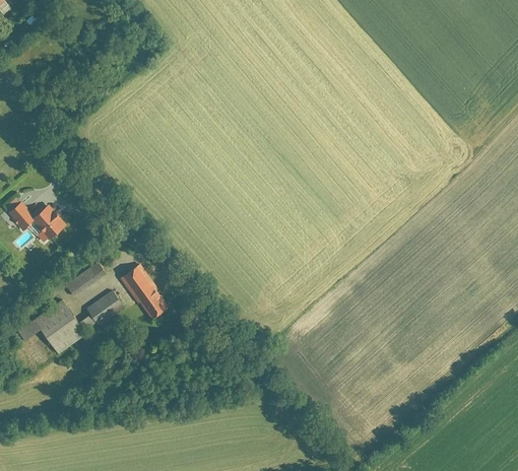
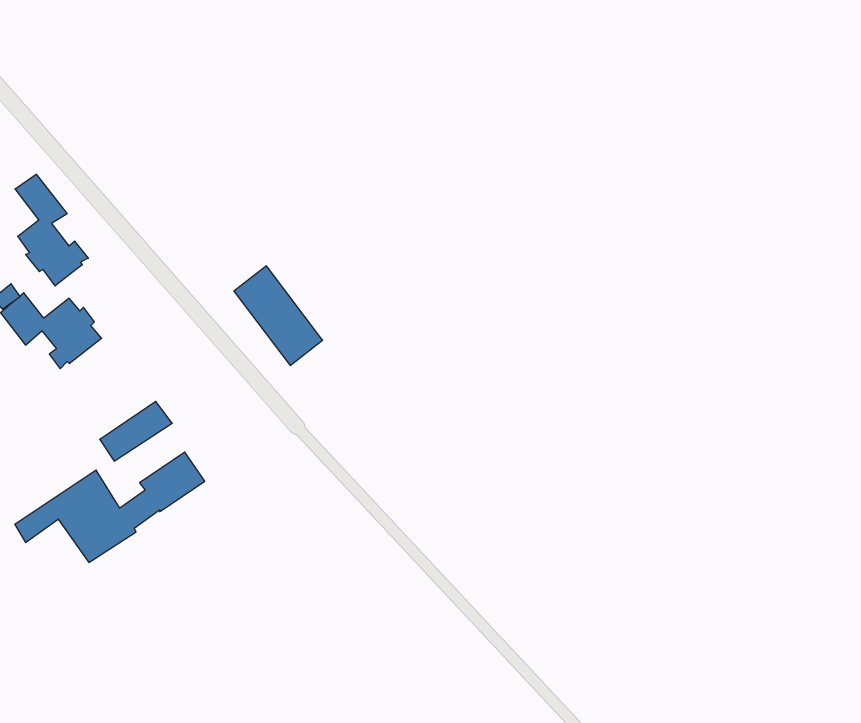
building: none -> [15,174,88,286]
building: [121,263,171,319] -> [234,266,323,365]

